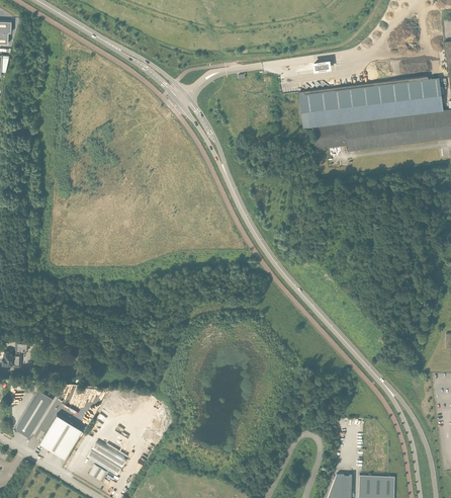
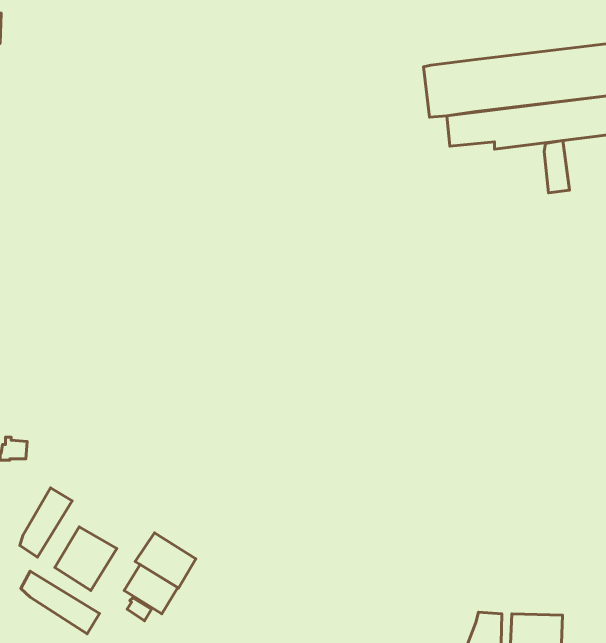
building: none -> [544,140,570,193]
building: none -> [135,533,196,588]
building: none -> [21,571,100,634]

